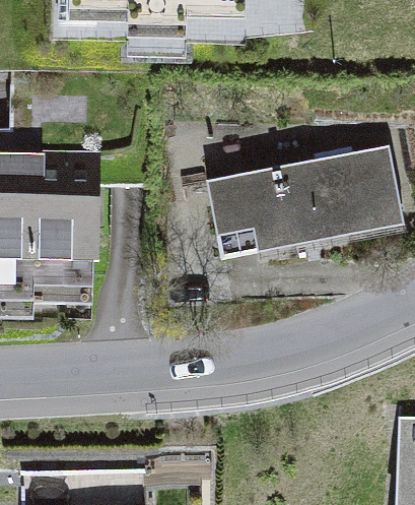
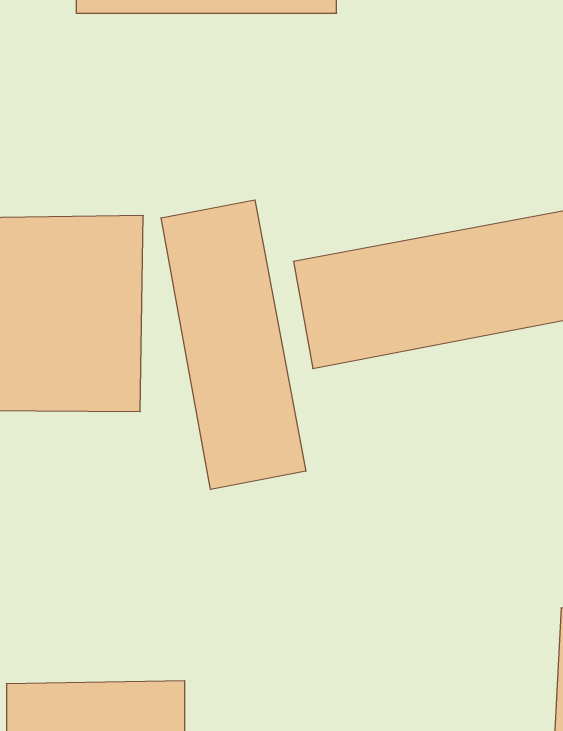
building: none -> [161,200,306,490]

